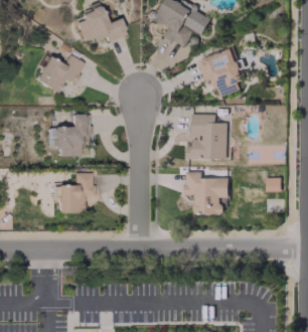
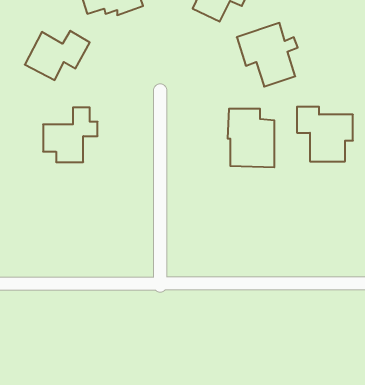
building: [57,172,94,213] -> none
building: [186,172,229,214] -> [297,107,353,161]

